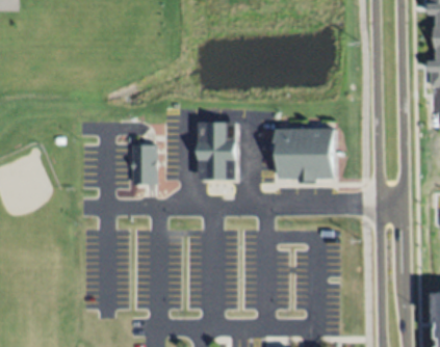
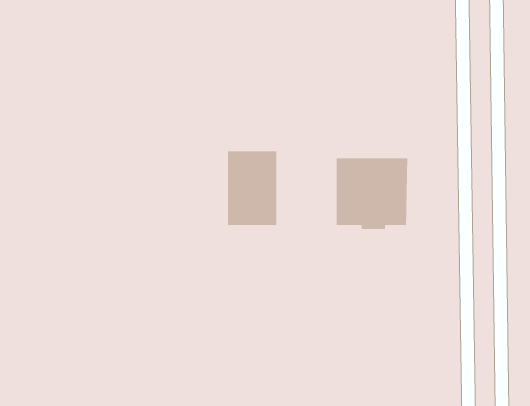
building: [131,144,156,185] -> none

